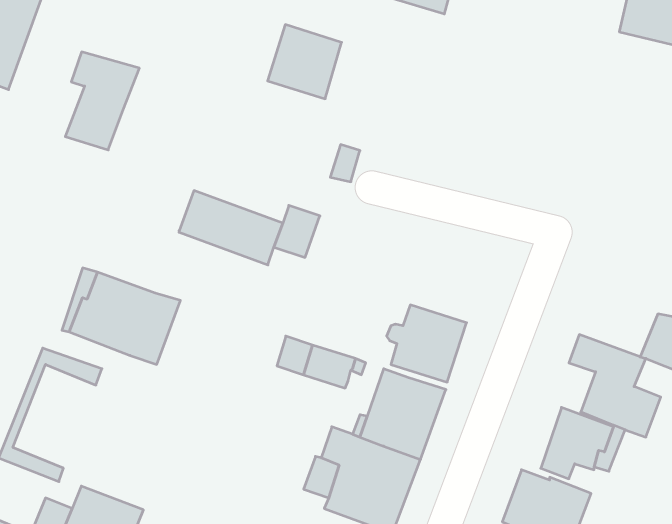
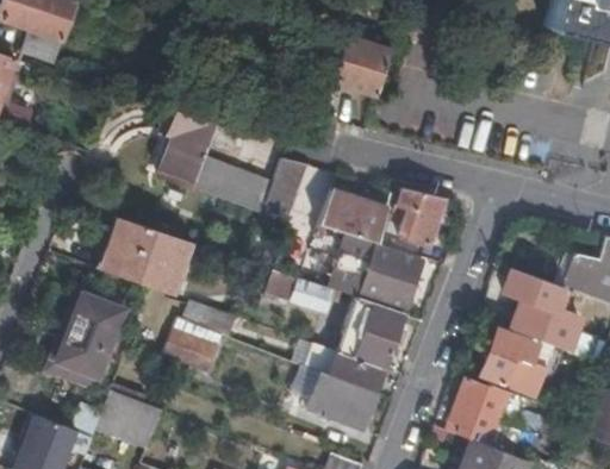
building: [268,25,342,99] -> [332,39,392,99]
building: [65,52,139,150] -> [157,108,217,187]
building: none -> [397,189,444,246]
building: none -> [318,192,390,244]
building: none -> [58,294,125,377]
building: none -> [166,300,228,369]

